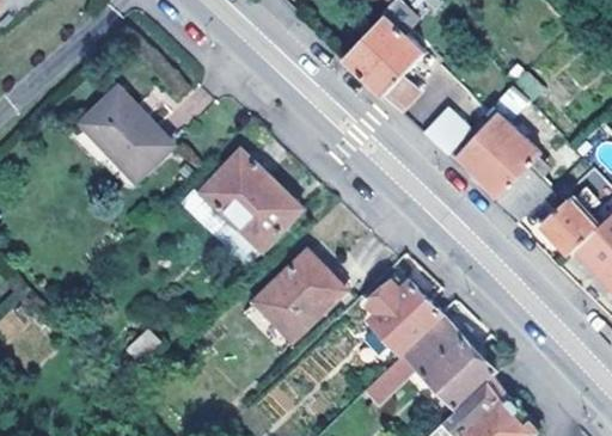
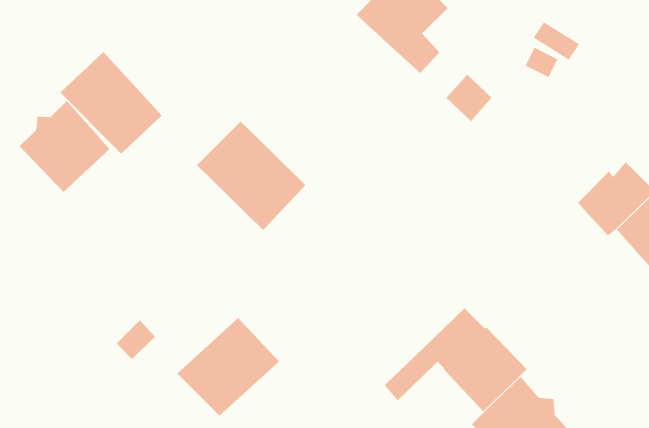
building: [455,110,550,221] -> none
building: none -> [19,100,110,193]
building: [252,252,344,340] -> [177,317,280,416]
building: [368,281,442,354] -> none

